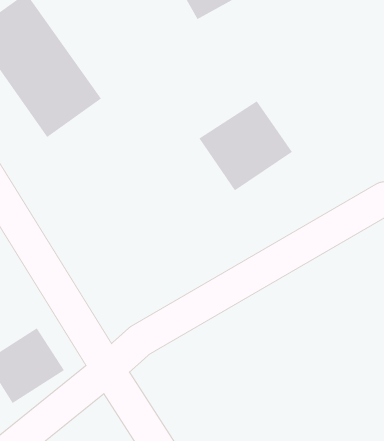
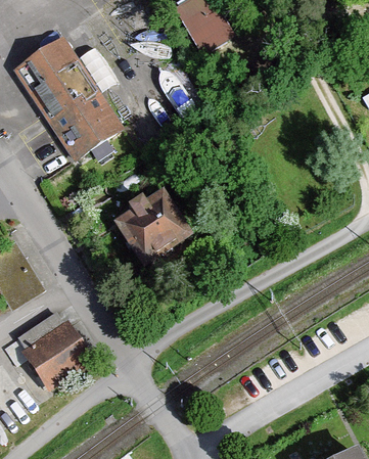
building: [199,101,293,191] -> [112,189,193,267]

